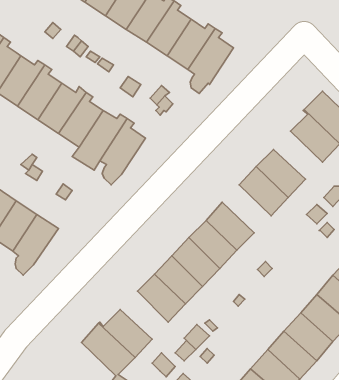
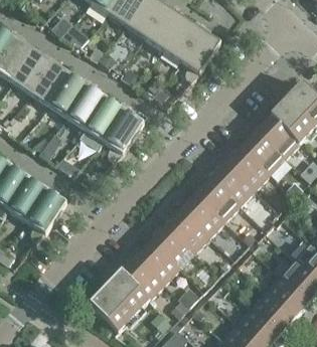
building: none -> [257,117,300,159]
building: none -> [211,164,255,206]
building: none -> [122,257,164,300]

